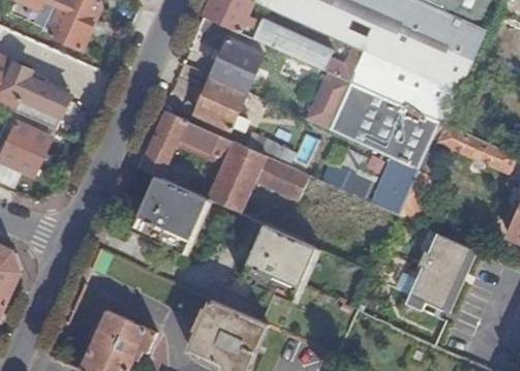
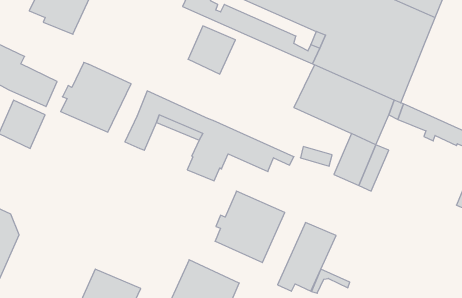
building: [305,71,350,129] -> none
building: [193,75,245,129] -> none
building: [130,175,209,252] -> [61,62,131,132]
building: [407,234,472,310] -> [278,223,336,291]

